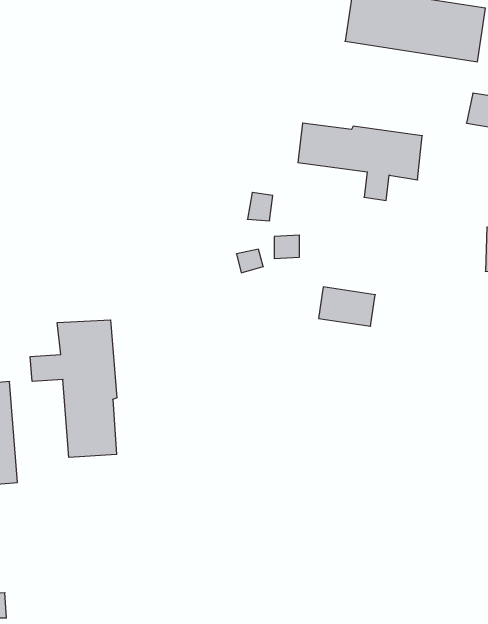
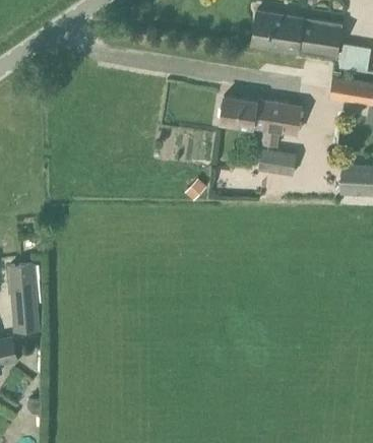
building: [319,287,375,326] -> [259,149,296,175]
building: [30,320,117,457] -> none

